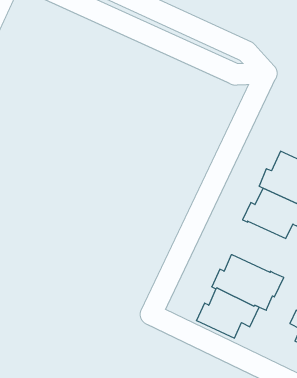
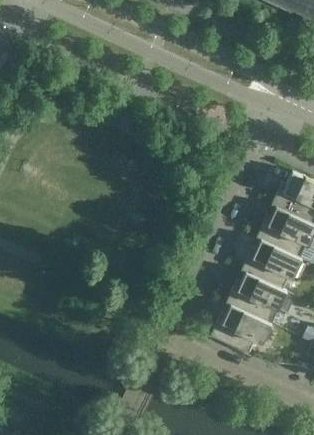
building: none -> [241,240,302,290]

